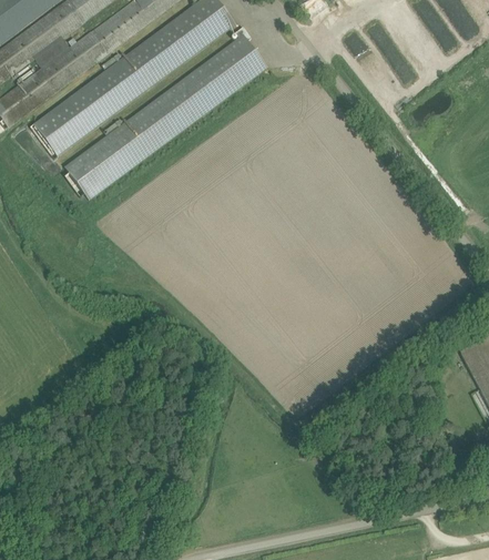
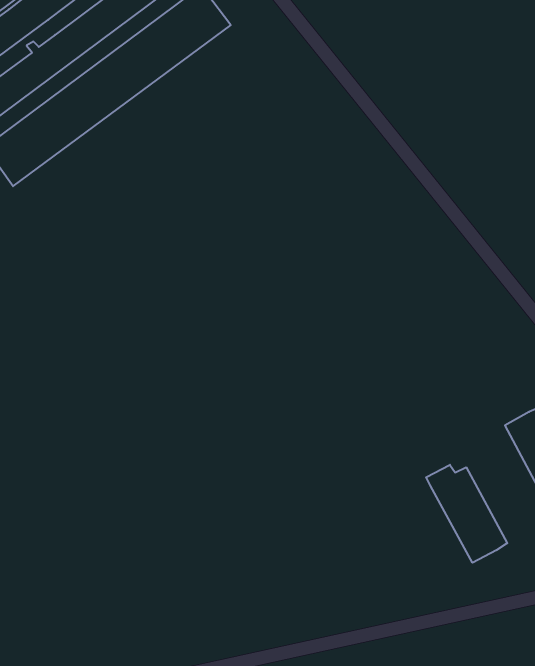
building: [63,26,266,198] -> none
building: none -> [426,465,507,563]

